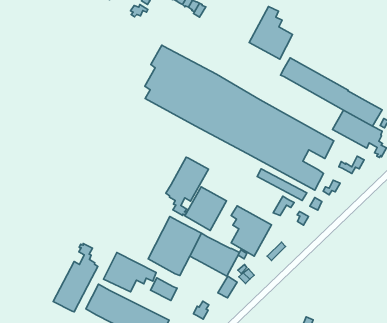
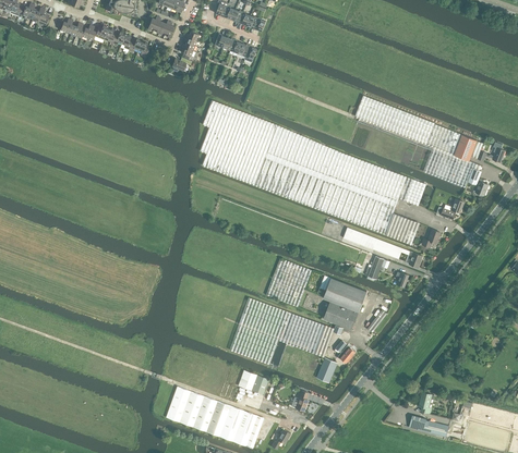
building: [249,7,292,59] -> none
building: [166,157,209,216] -> none
building: [53,243,98,312] -> none
building: [103,252,156,292] -> none

